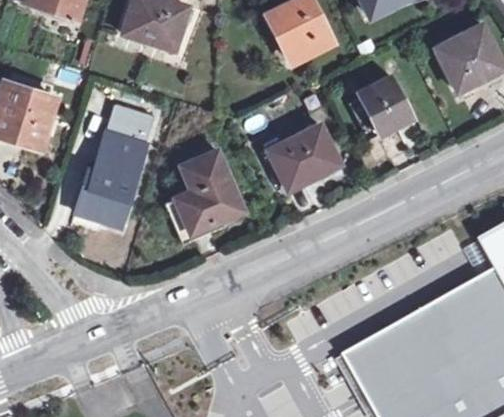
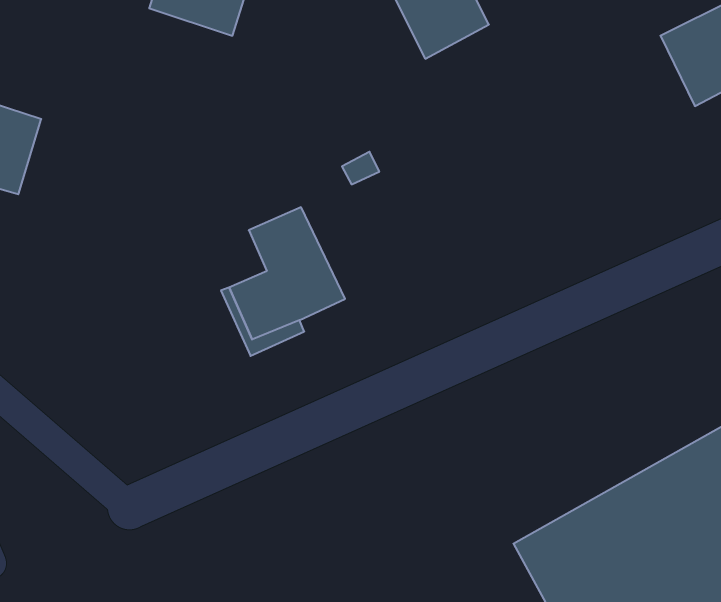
building: [358,73,415,133] -> none
building: [79,103,155,226] -> none
building: [271,124,339,187] -> none

